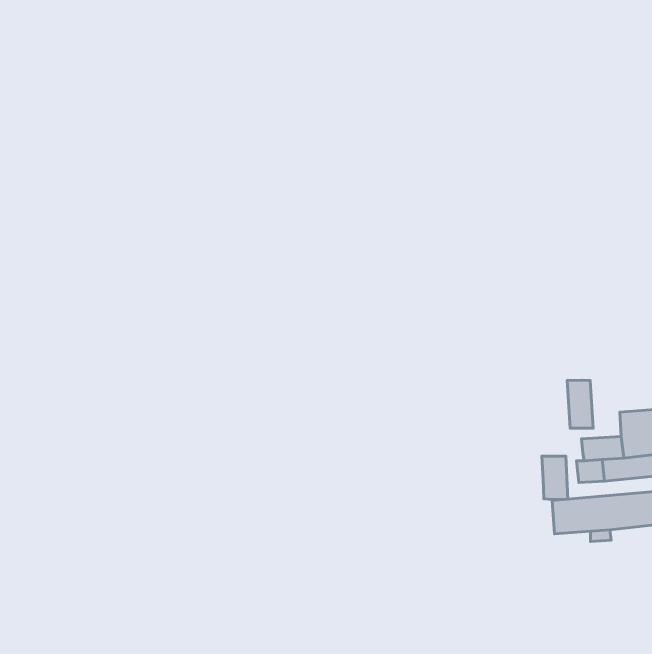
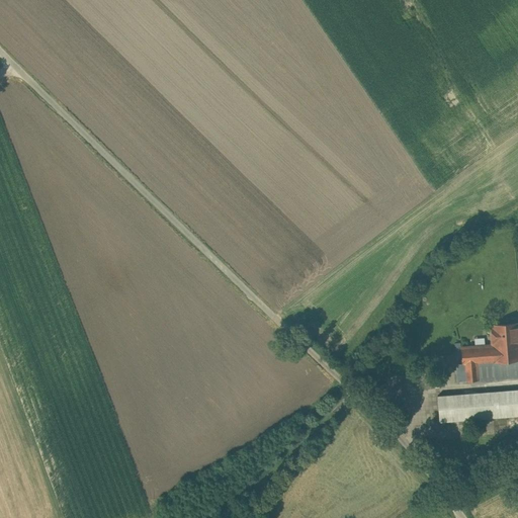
building: [567,380,593,428] -> none
building: [542,456,568,499] -> none

